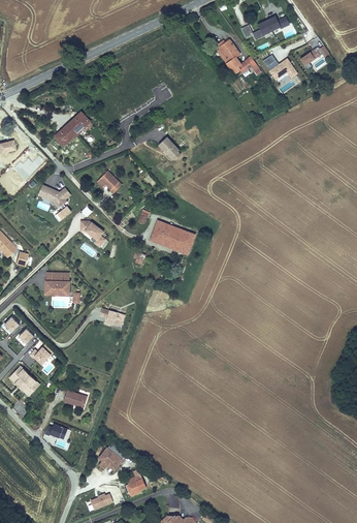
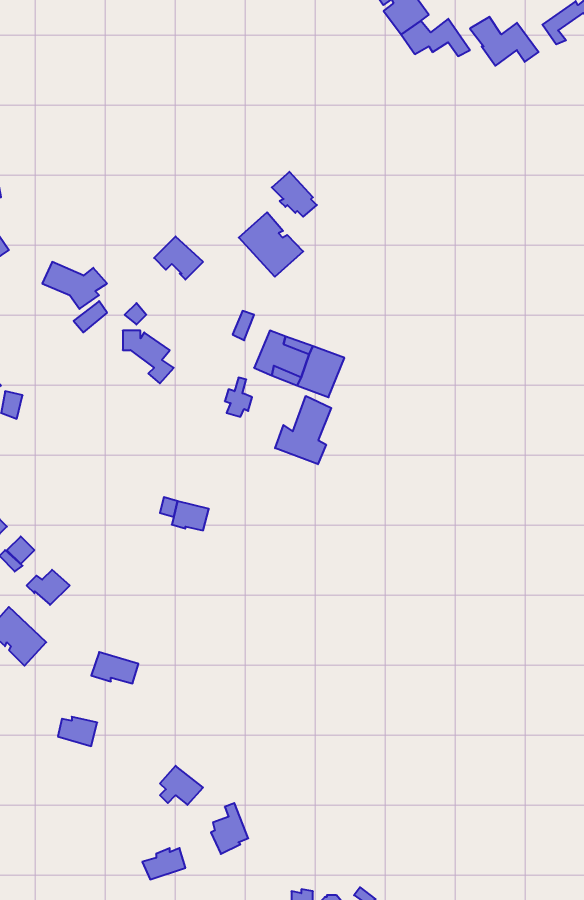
building: [52,111,90,147] -> none
building: none -> [239,212,303,277]
building: none -> [275,396,331,464]
building: [44,272,70,295] -> none

